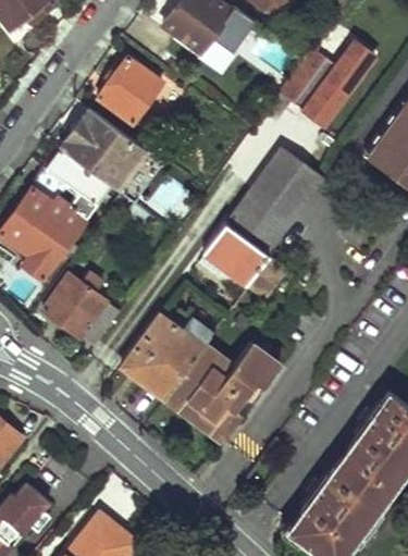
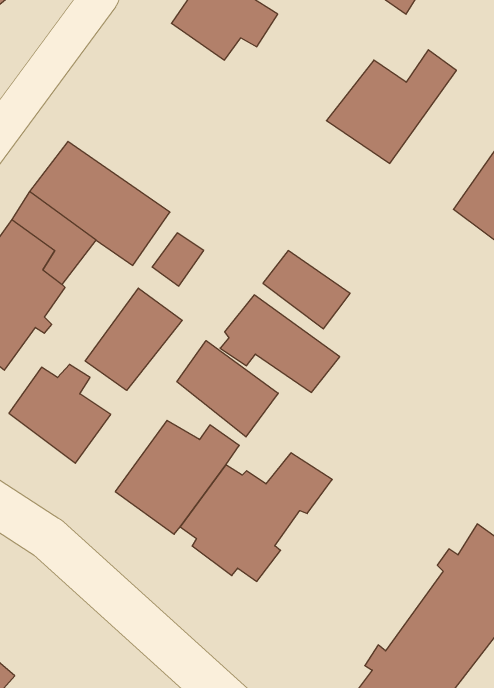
building: [96,57,161,125] -> none
building: [249,147,326,223] -> none
building: none -> [85,288,182,390]
building: none -> [177,341,278,437]

